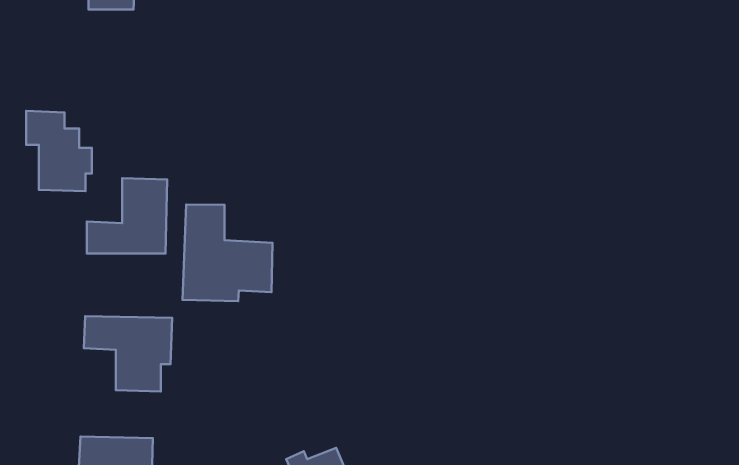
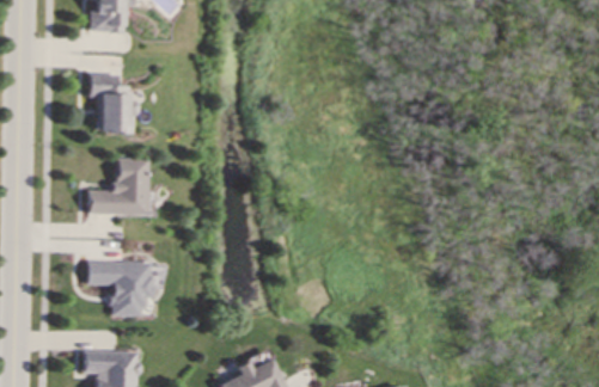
building: [26,111,92,191] -> [90,73,139,133]
building: [182,205,272,301] -> none

